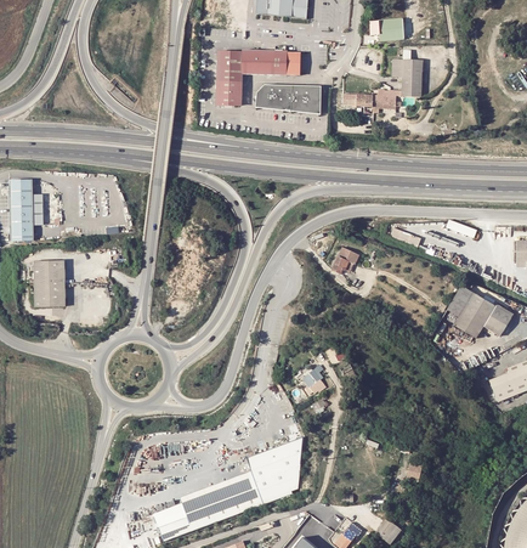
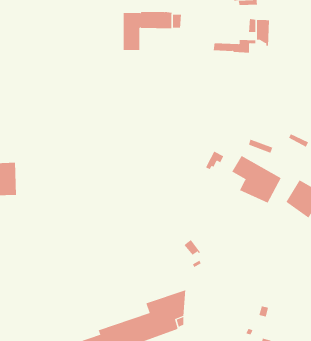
building: [257,85,322,114] -> none
building: none -> [232,155,282,204]

